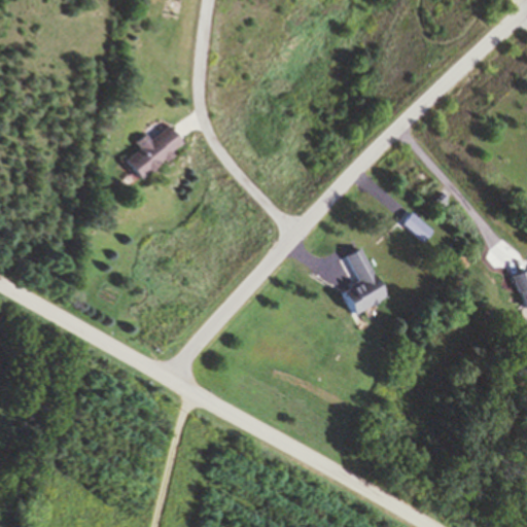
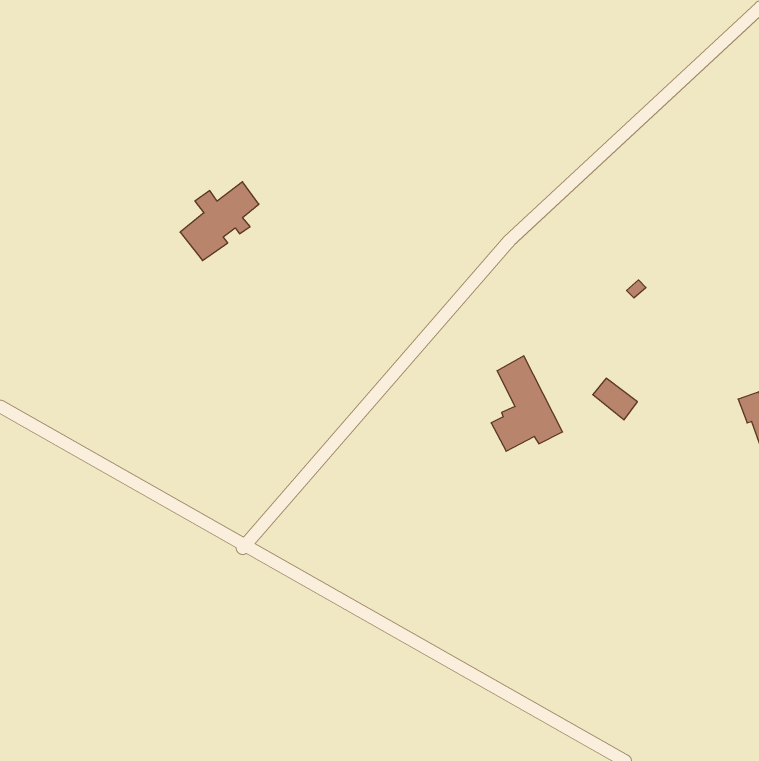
building: [401,212,432,241] -> [593,378,637,420]

